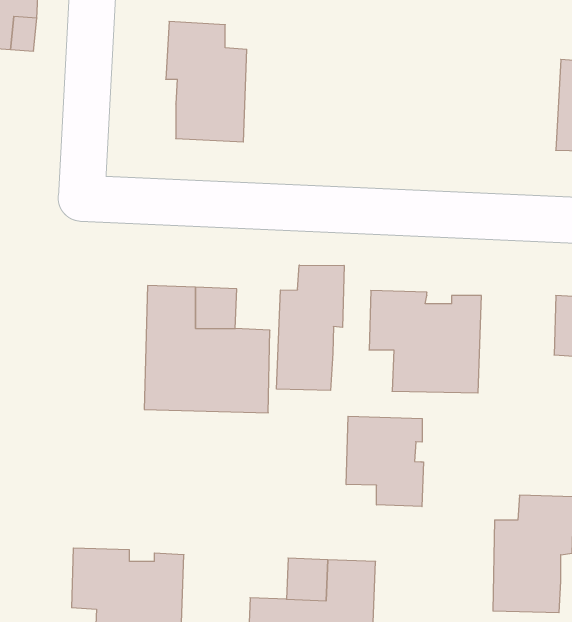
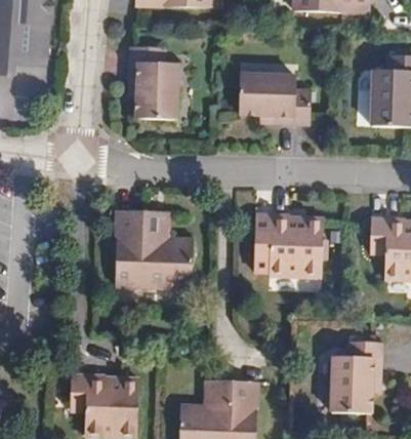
building: none -> [238,74,312,124]
building: [277,265,344,390] -> none
building: [346,416,423,507] -> none

